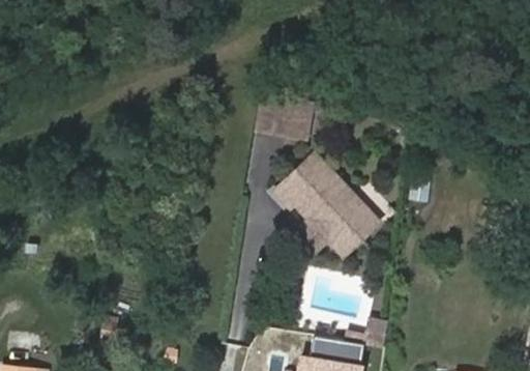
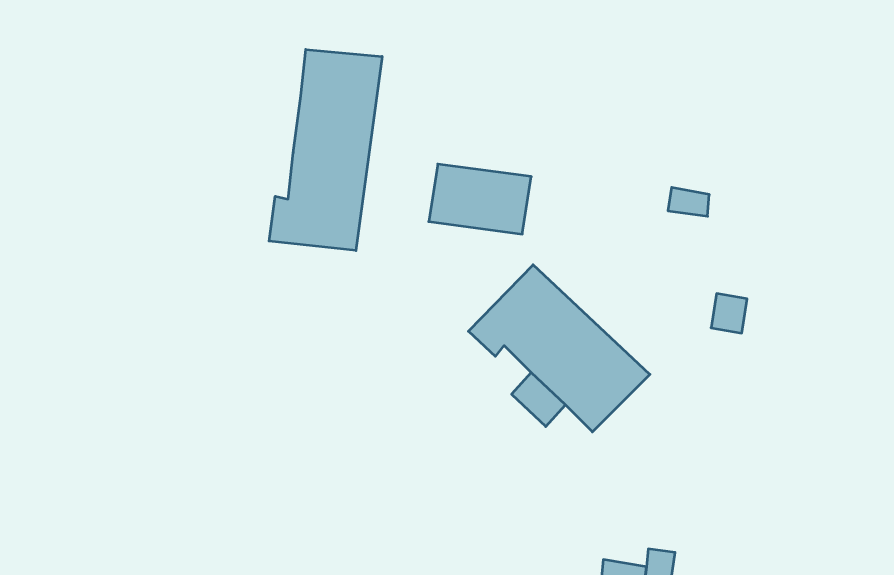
building: none -> [269,49,382,251]

